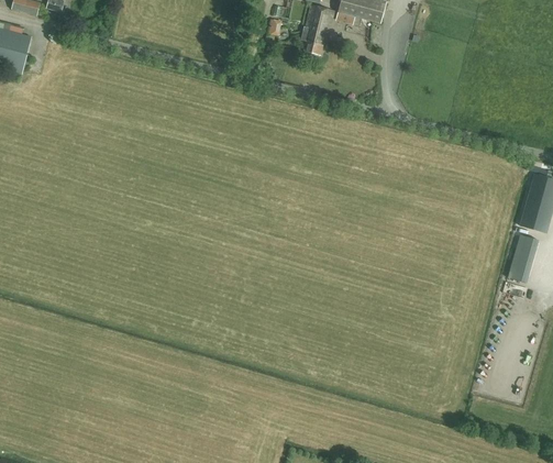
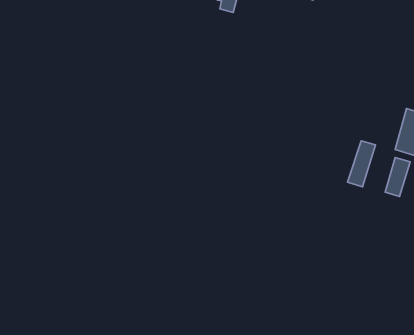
building: none -> [348,141,375,187]

